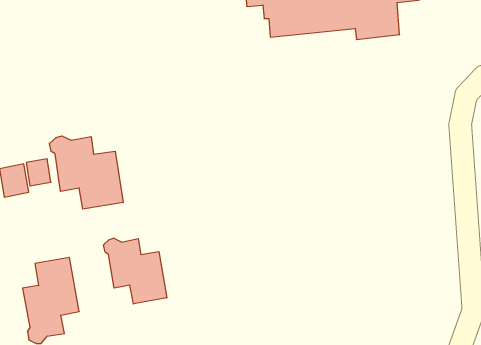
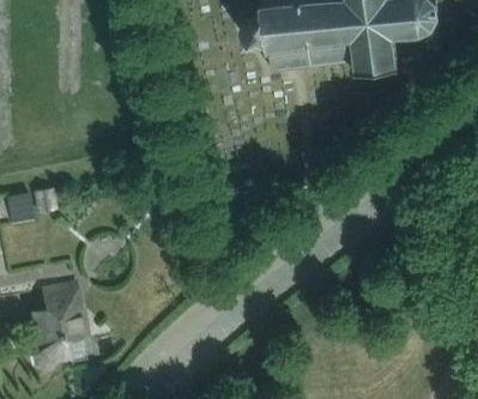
building: [49,136,123,209] -> none
building: [104,238,167,304] -> none

